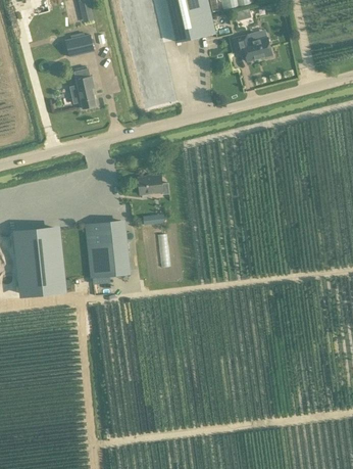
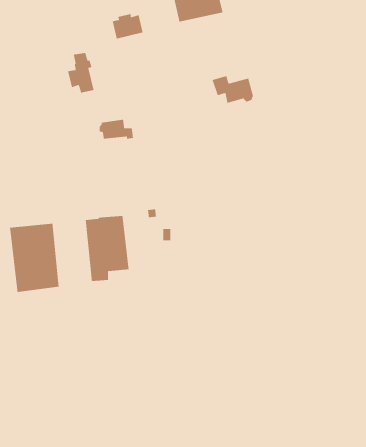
building: [65,33,95,57] -> [112,13,143,39]
building: [233,35,272,61] -> [212,75,254,104]
building: [137,175,169,194] -> [99,119,134,140]

